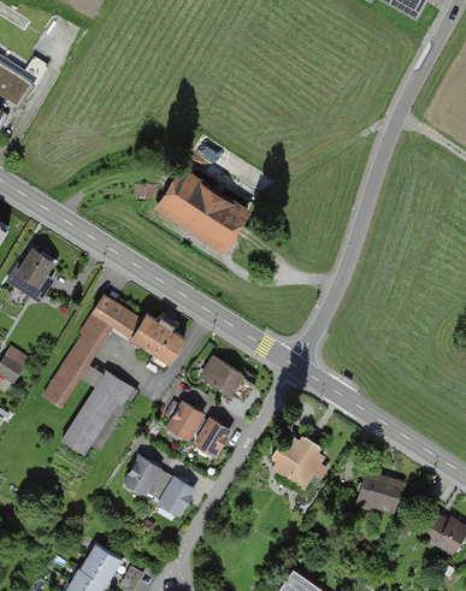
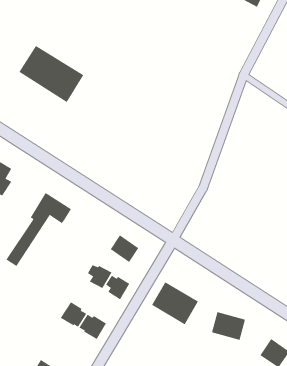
building: [148,165,246,250] -> [19,45,84,103]
building: [131,313,184,372] -> none
building: [63,372,135,451] -> none

